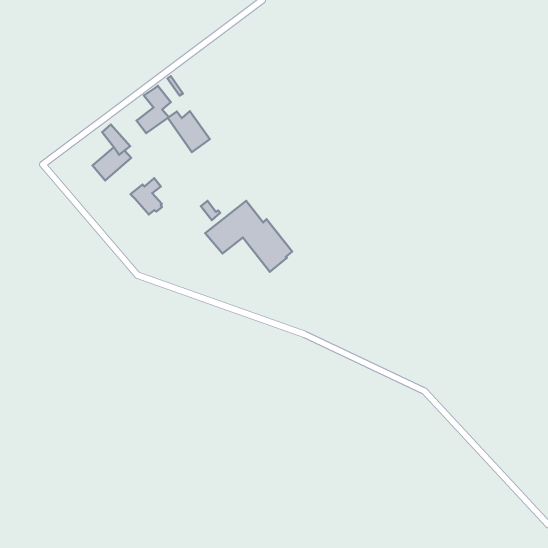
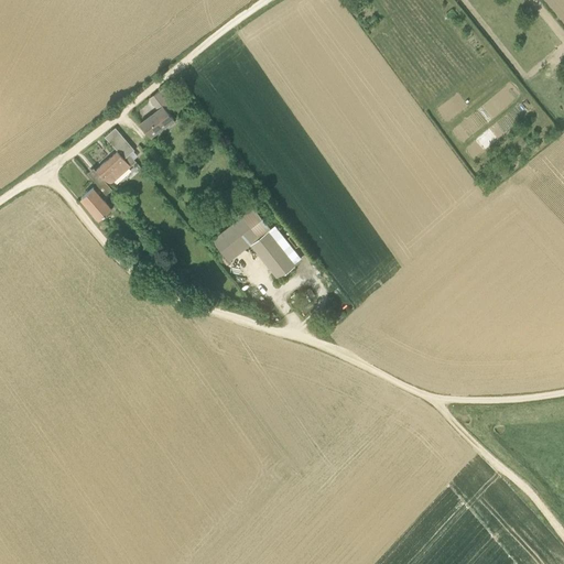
building: [168,111,210,152] -> none
building: [131,178,162,215] -> [79,182,111,219]

